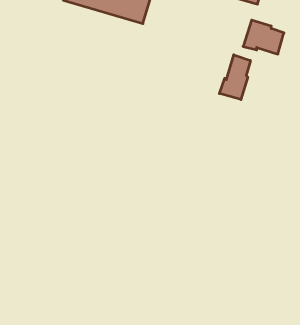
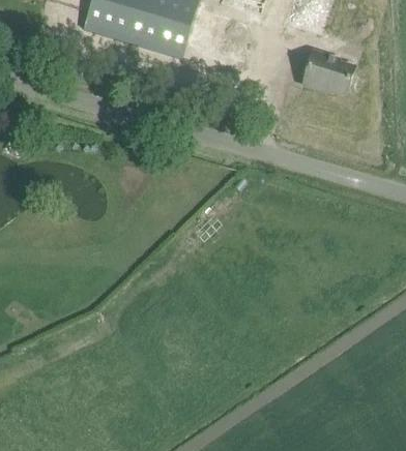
building: [219,55,250,100] -> none

